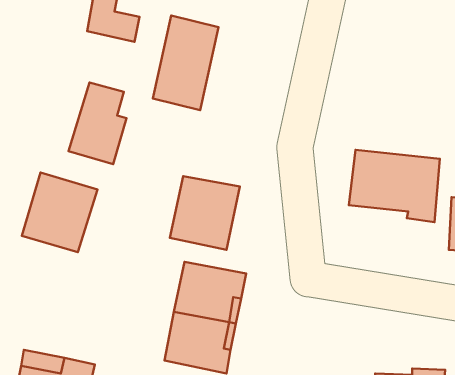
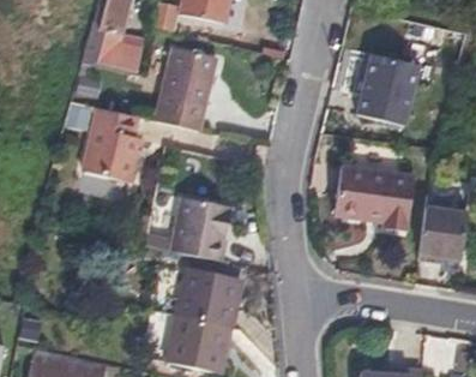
building: none -> [349,58,409,130]
building: [22,173,98,252] -> none

